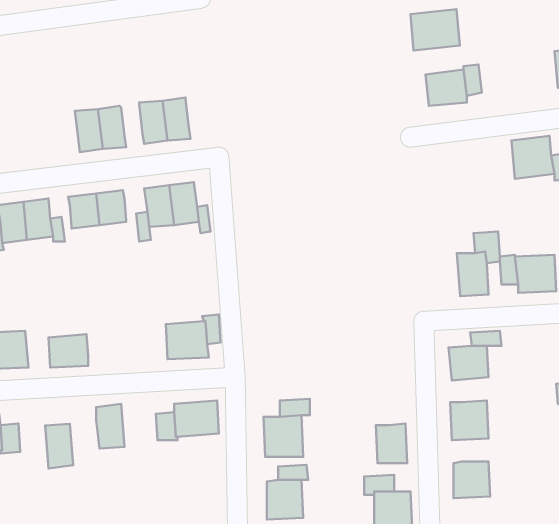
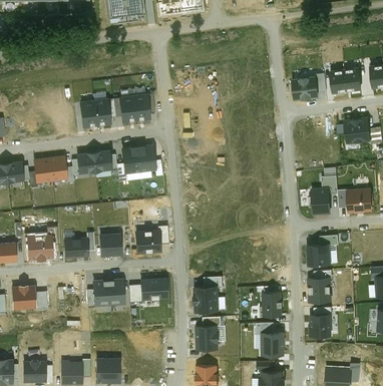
building: [410,9,460,51] -> [330,68,360,93]
building: none -> [98,234,120,256]
building: [45,424,73,468] -> [107,279,124,306]

